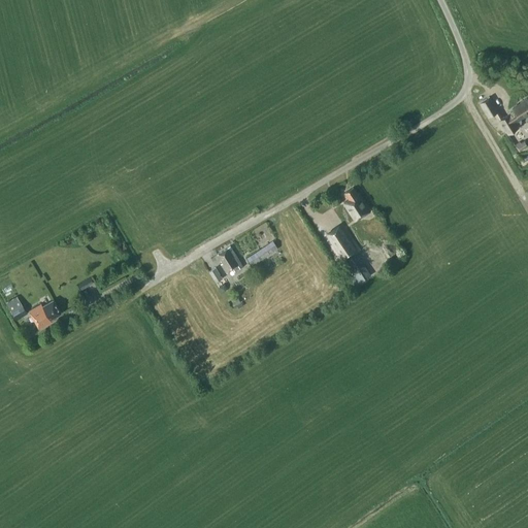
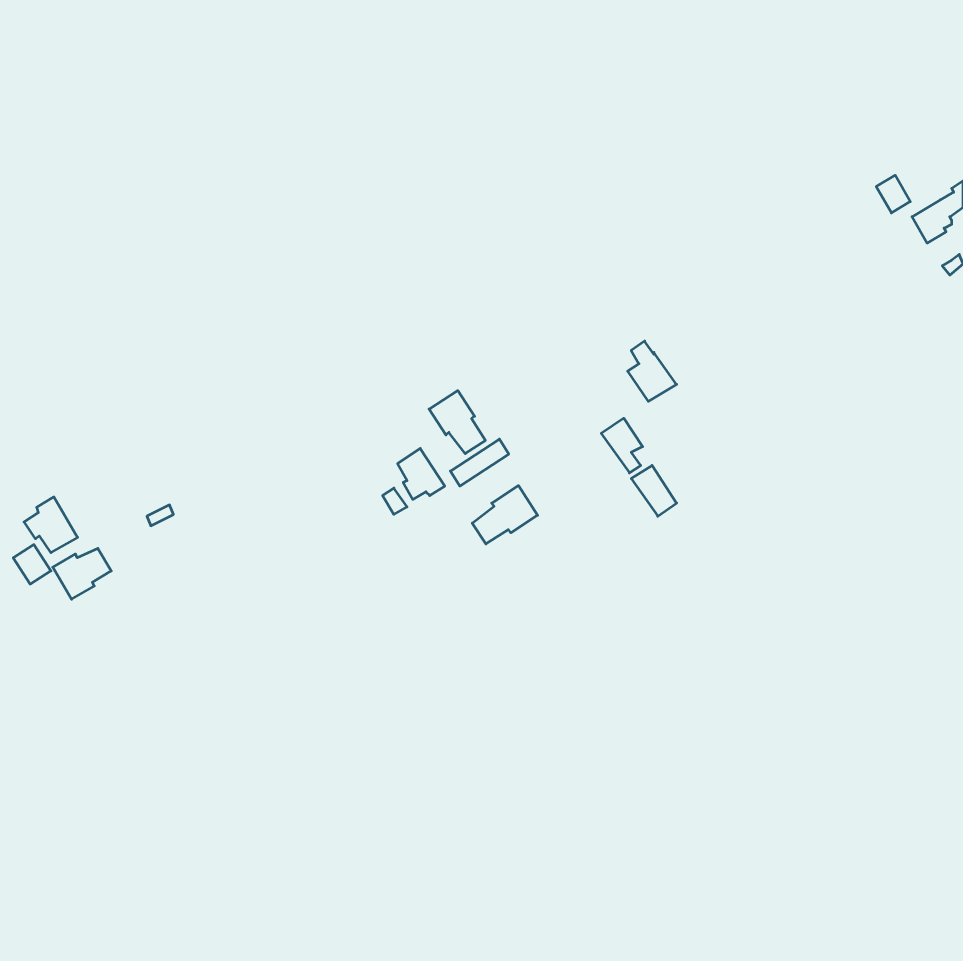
building: none -> [429,391,485,454]
building: none -> [472,486,538,544]
building: none -> [24,497,78,553]

